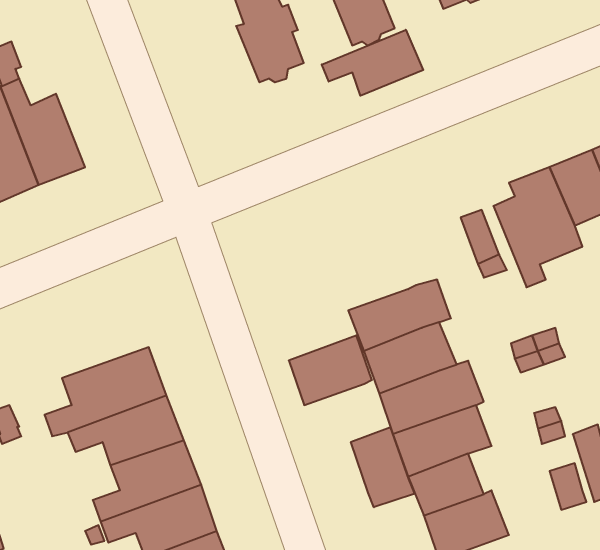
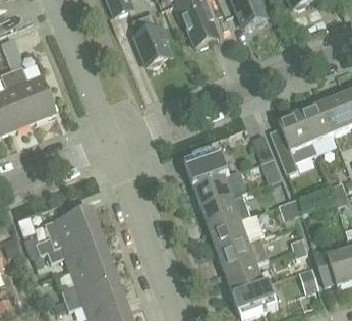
building: [322,30,423,96] -> none
building: [289,335,372,405] -> [185,151,229,188]
building: [351,427,415,507] -> none

